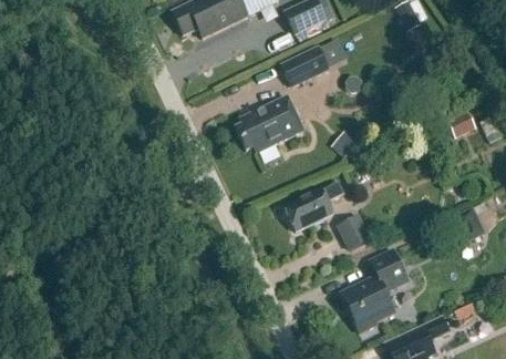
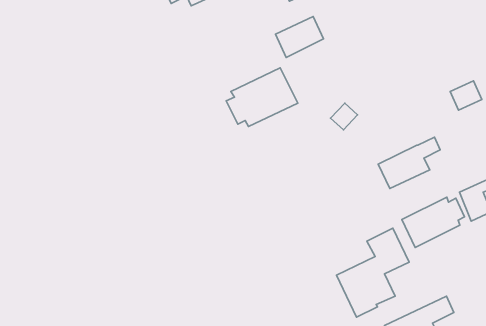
building: [285,182,343,230] -> [378,137,440,189]
building: [339,215,371,249] -> none
building: none -> [402,197,465,247]

